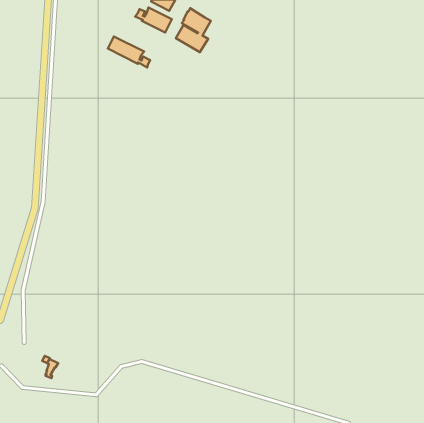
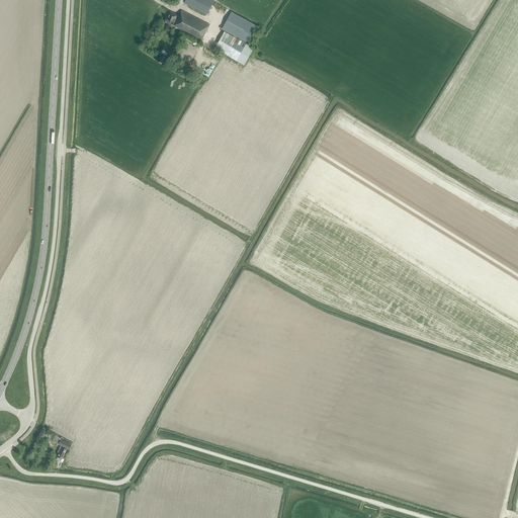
building: [108,36,150,68] -> none

